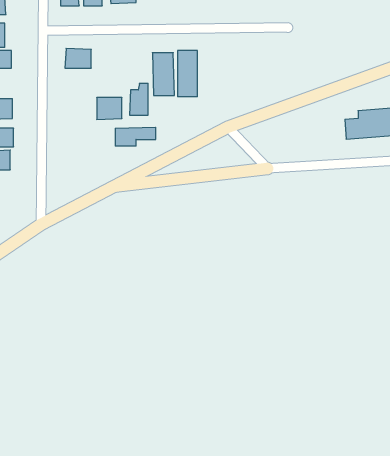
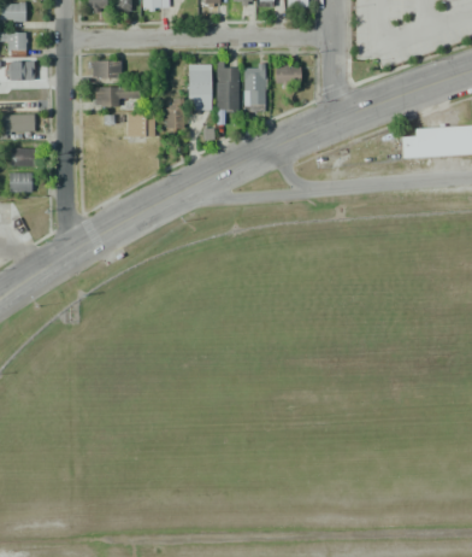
building: none -> [273,61,301,83]
building: none -> [243,63,266,112]
building: [115,127,156,146] -> [94,86,138,106]

